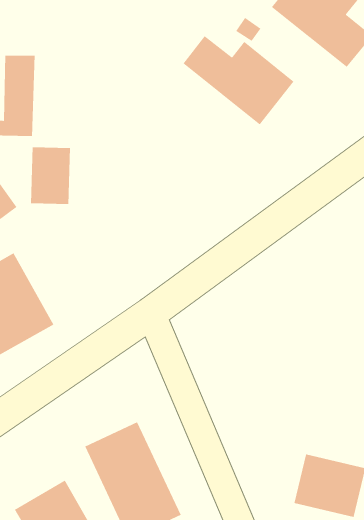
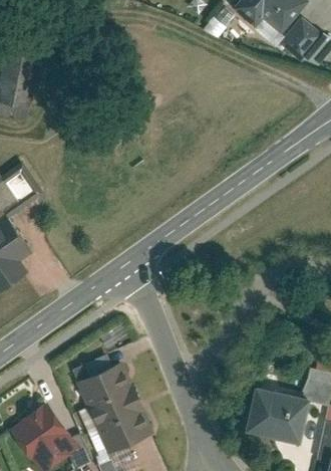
building: [182,35,294,125] -> none
building: [30,147,71,205] -> none

